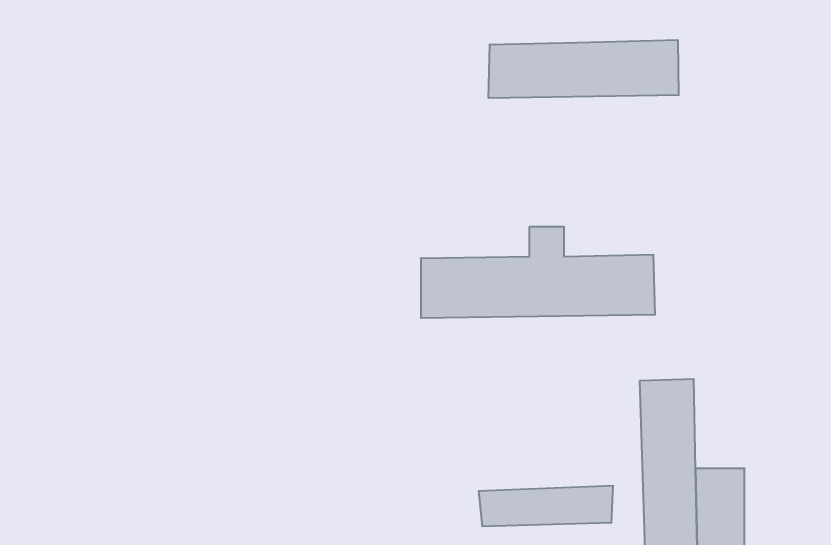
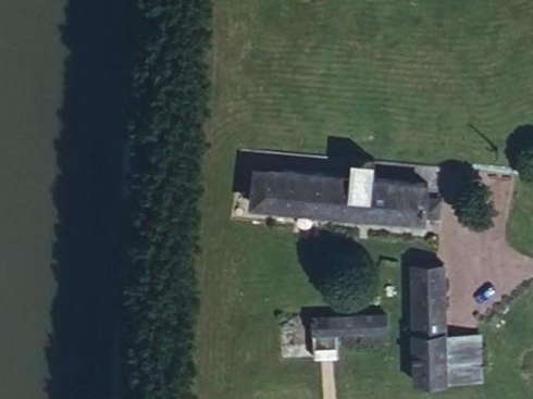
building: [488,40,679,98] -> none
building: none -> [247,180,275,217]

